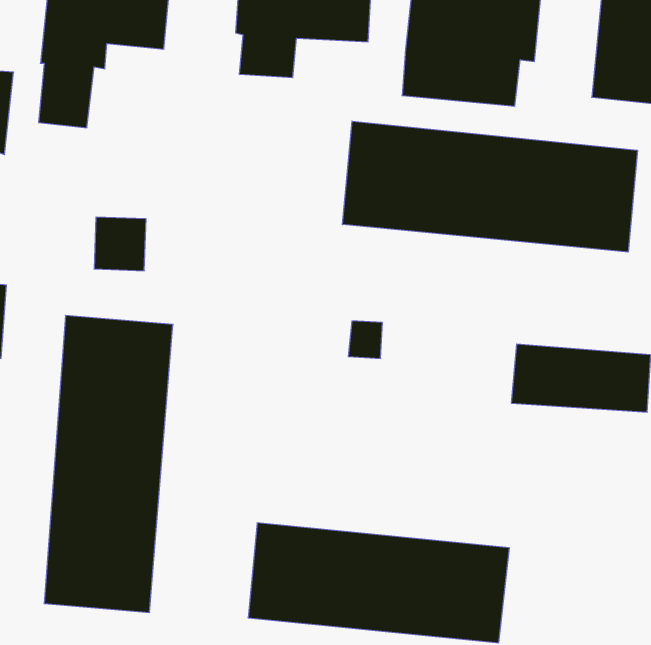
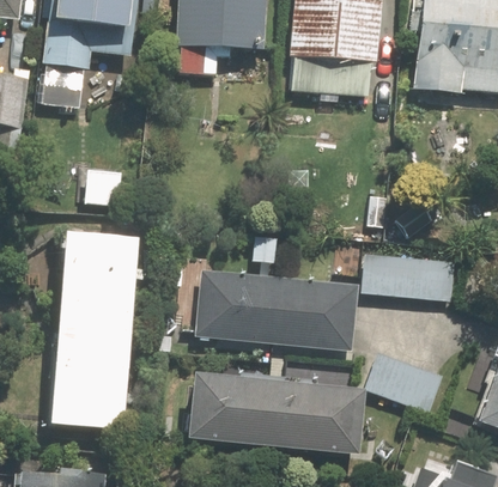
building: [342,121,637,252] -> none
building: none -> [195,273,358,348]
building: none -> [365,353,443,413]

